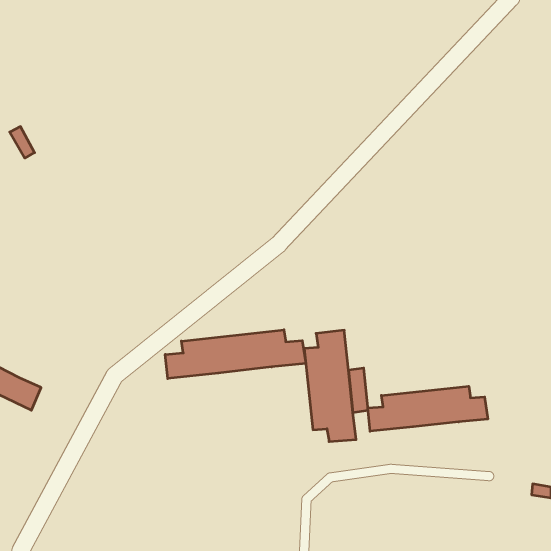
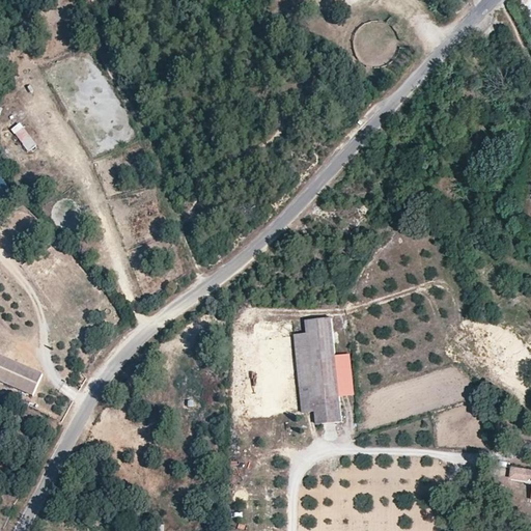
building: [165,330,306,379] -> none
building: [368,386,488,431] -> none

